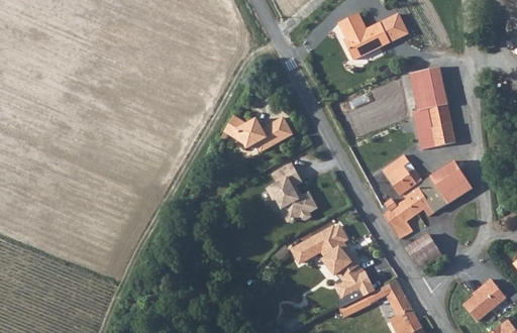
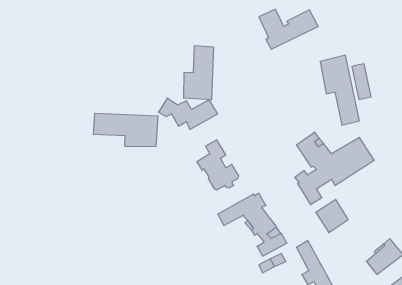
building: none -> [184,46,214,100]
building: [412,108,434,149] -> [352,64,371,100]
building: none -> [93,113,158,147]

